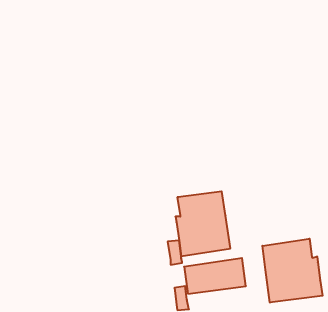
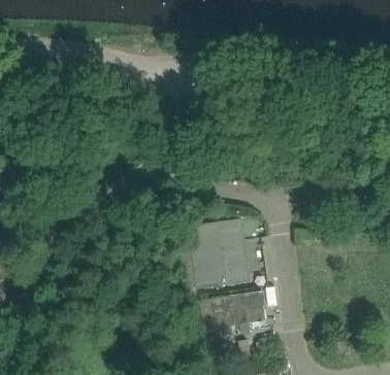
building: [262,239,323,303] -> none

